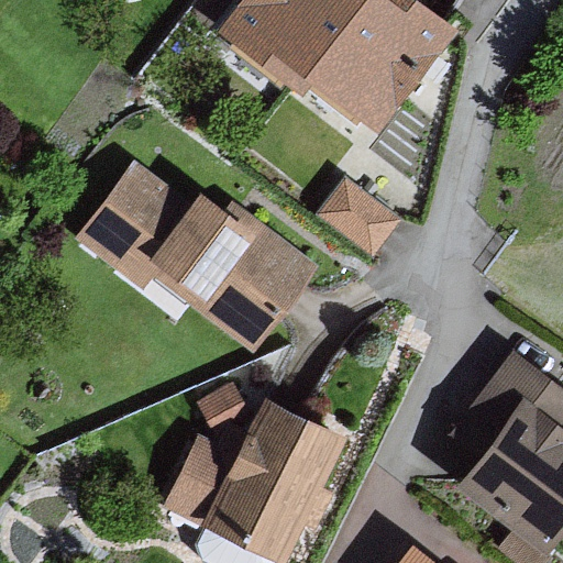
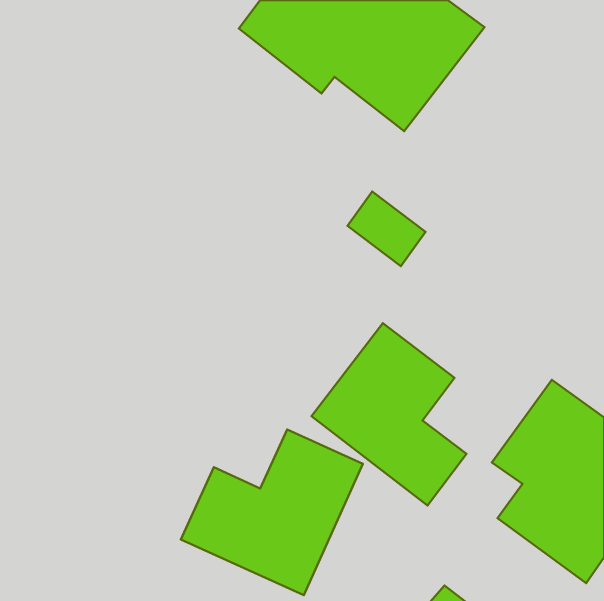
building: [80,166,313,345] -> none
building: none -> [311,323,467,505]

